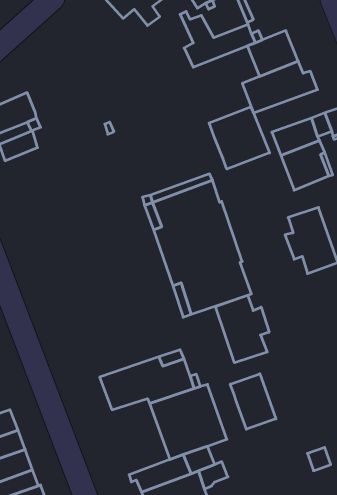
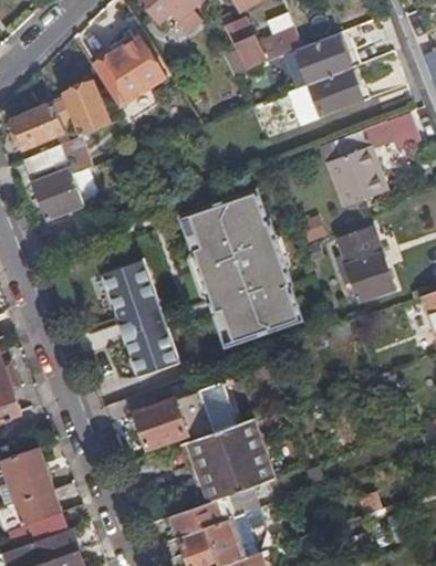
building: none -> [94,36,165,106]
building: none -> [54,83,111,135]
building: [209,107,270,169] -> none
building: none -> [32,168,83,220]
building: none -> [104,262,178,377]
building: [215,295,269,363] -> none
building: [230,374,276,429] -> none

